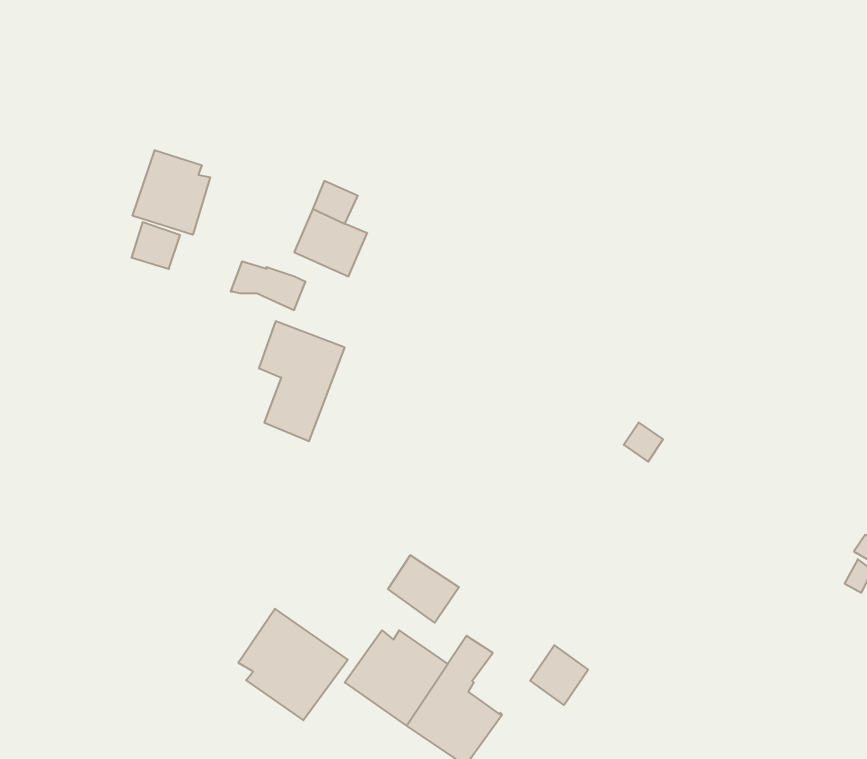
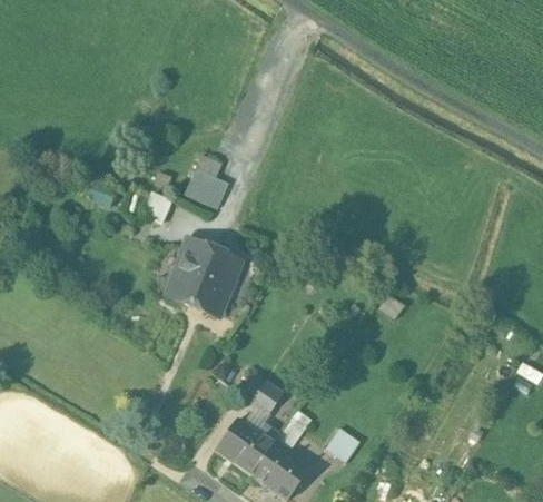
building: [133,150,210,235] -> none
building: none -> [194,250,241,317]
building: [238,609,348,720] -> none

